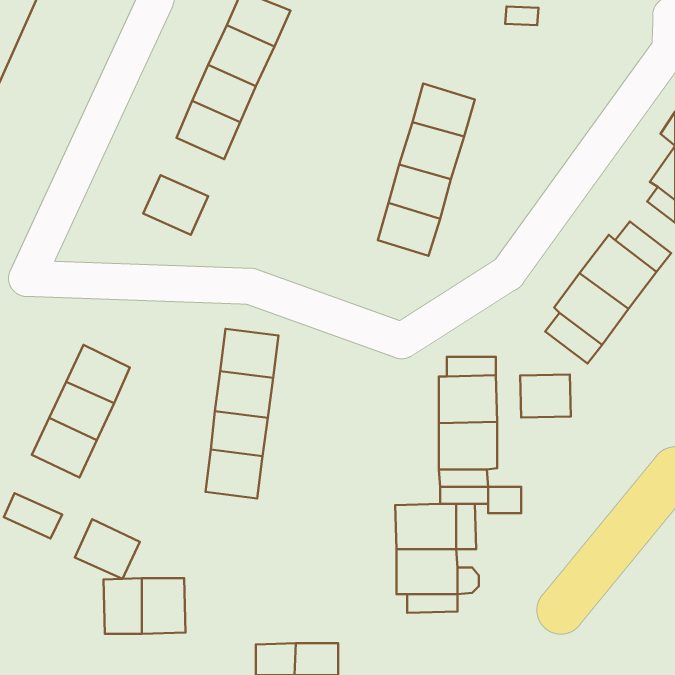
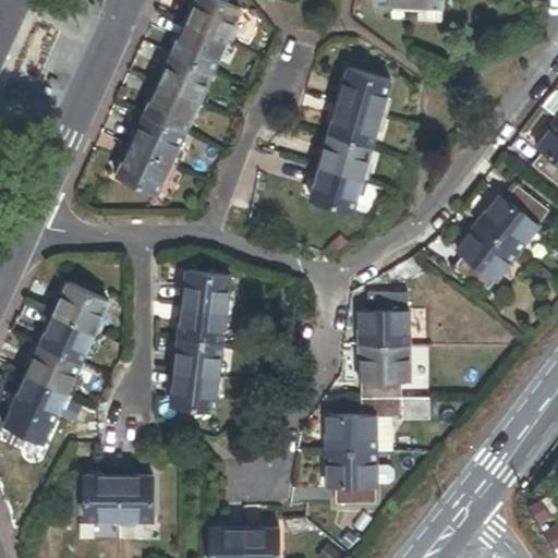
building: none -> [132,113,184,161]
building: [520,374,571,417] -> none
building: [75,519,140,579] -> [12,374,65,423]

